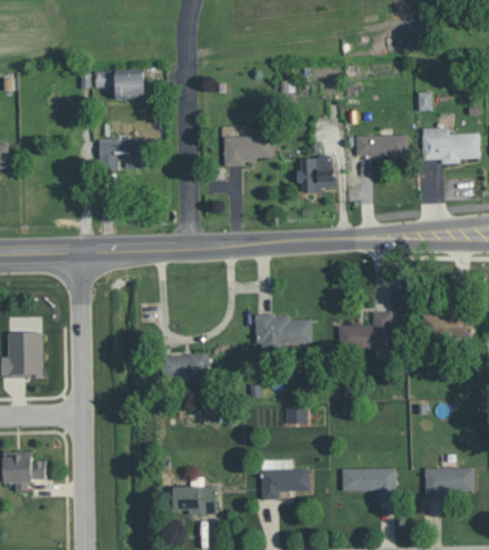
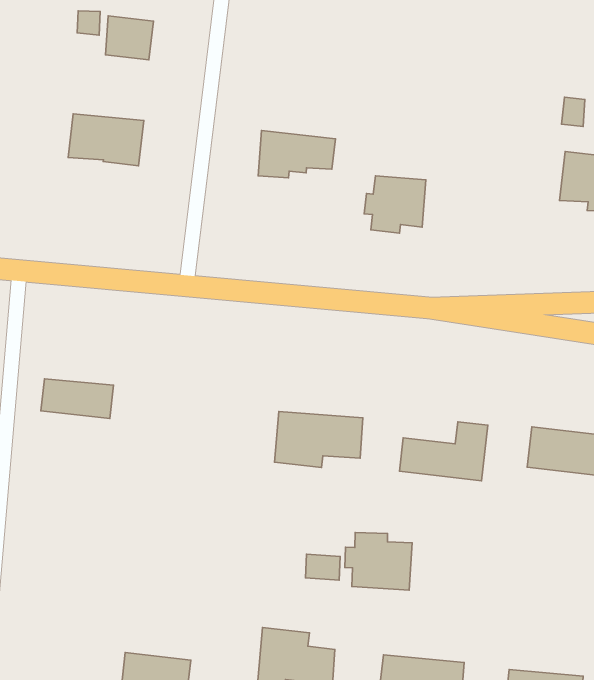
building: [356,134,407,157] -> none
building: [163,354,208,376] -> [41,379,114,419]
building: none -> [345,532,412,590]

